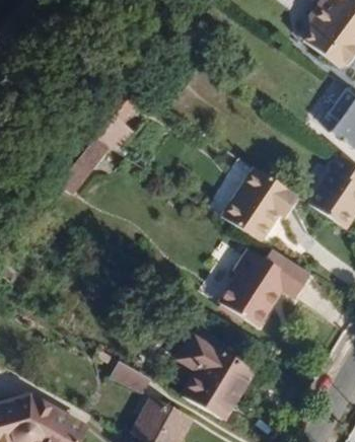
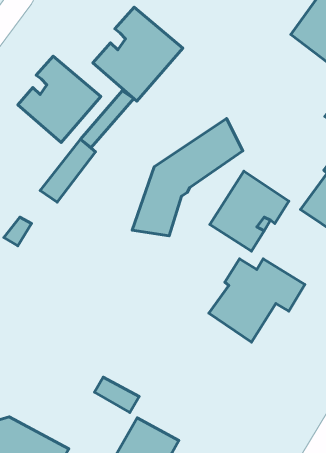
building: none -> [93,7,183,101]
building: none -> [18,56,101,142]
building: none -> [132,119,243,236]
building: [177,335,255,420] -> none

